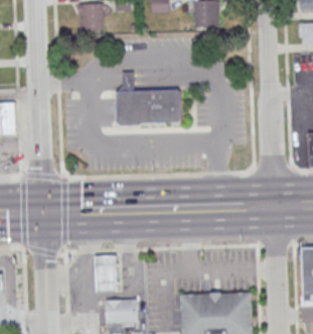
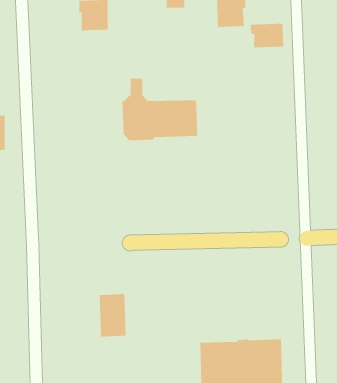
building: none -> [250,23,284,48]
building: [106,298,138,322] -> none

